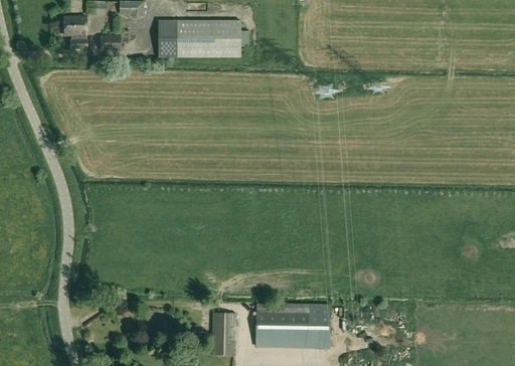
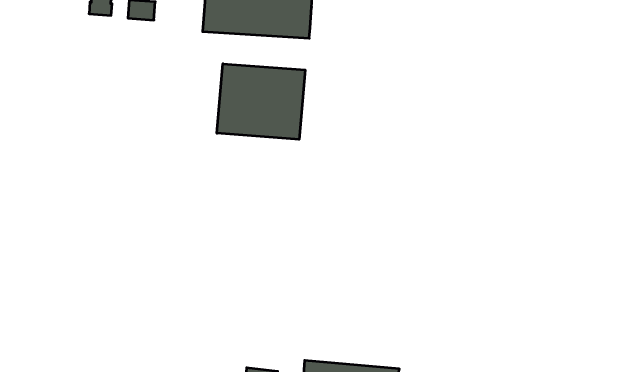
building: none -> [217,64,305,139]

